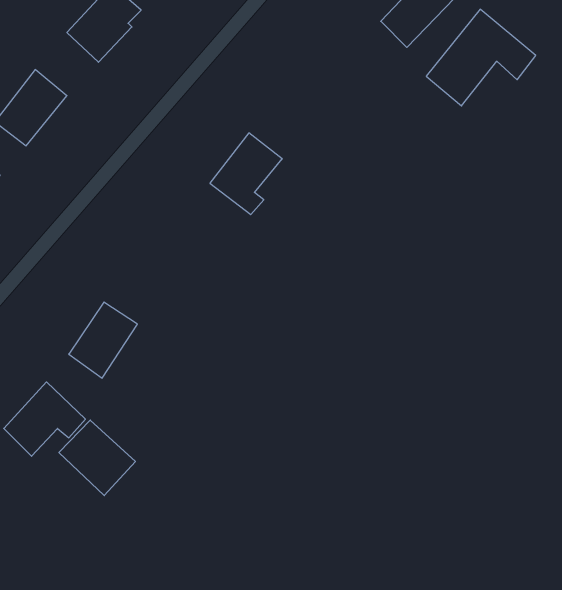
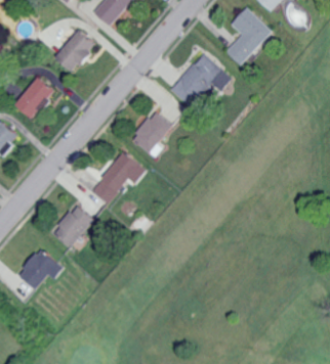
building: [426,9,536,106] -> [171,53,232,106]
building: none -> [91,151,147,203]
building: [59,420,135,496] -> none

